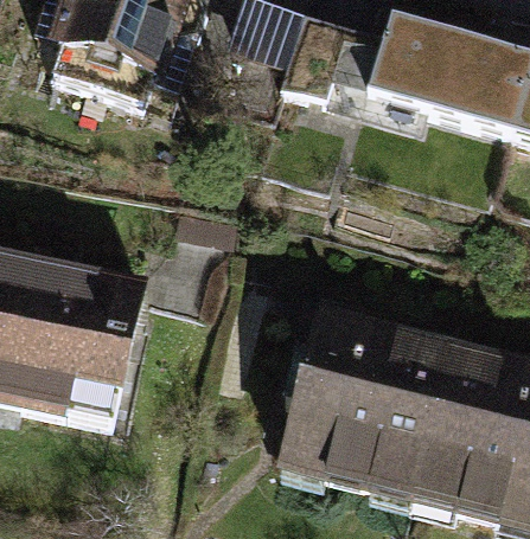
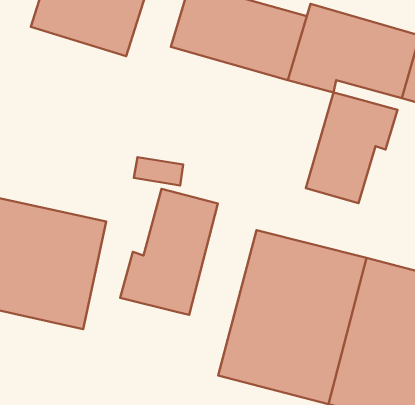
building: none -> [306,92,397,203]
building: none -> [120,189,218,315]

